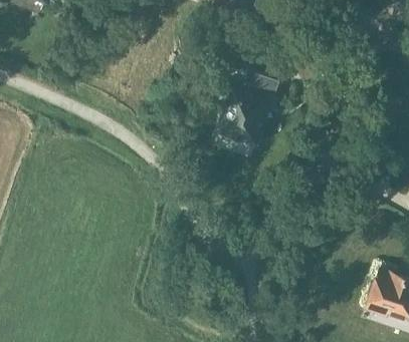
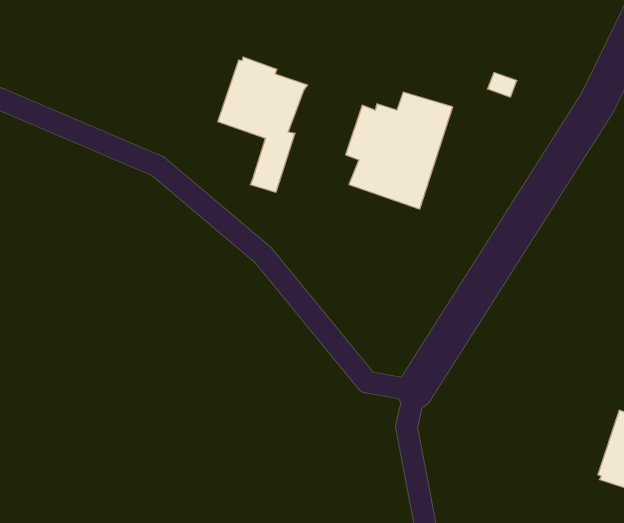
building: none -> [218,57,308,192]

